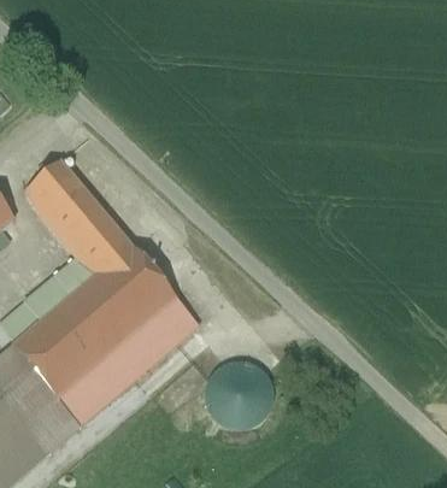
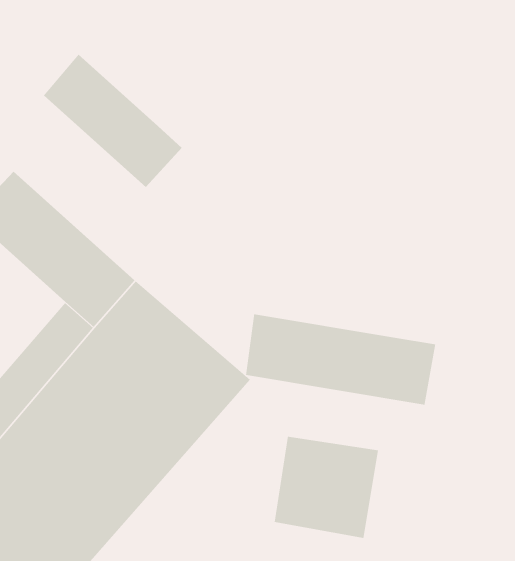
building: none -> [43,54,183,188]
building: none -> [246,313,436,405]

